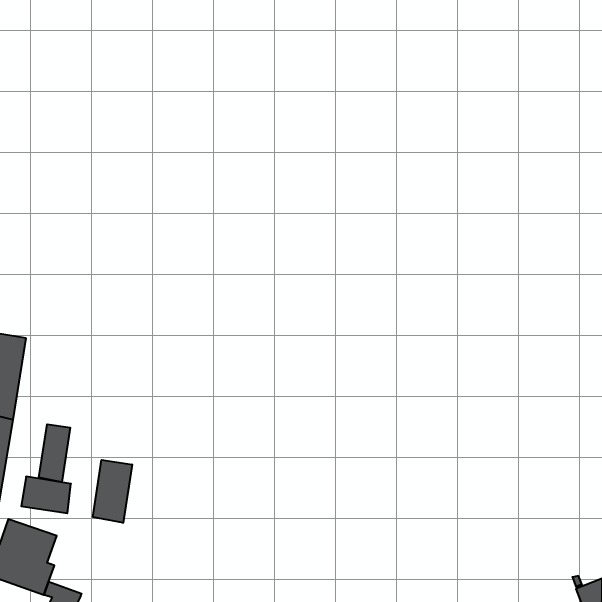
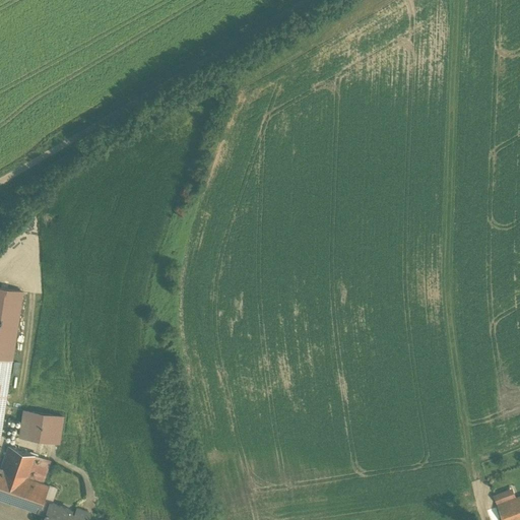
building: [39,424,70,482] -> none
building: [93,460,132,523] -> none

